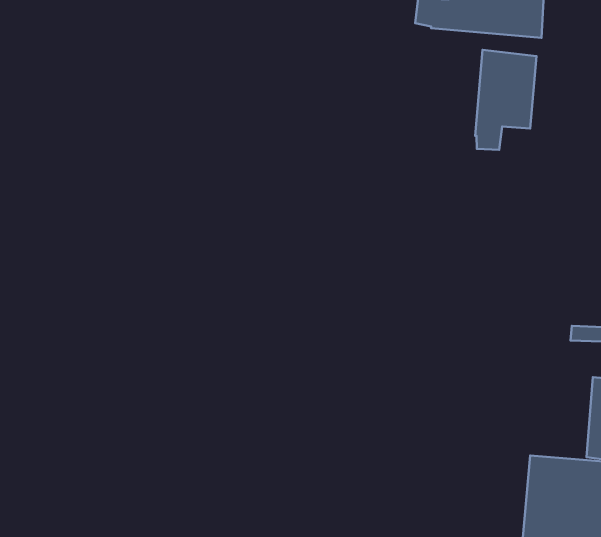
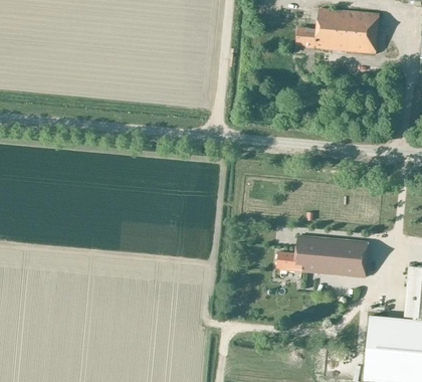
building: [475,50,536,150] -> none
building: none -> [277,235,370,276]

